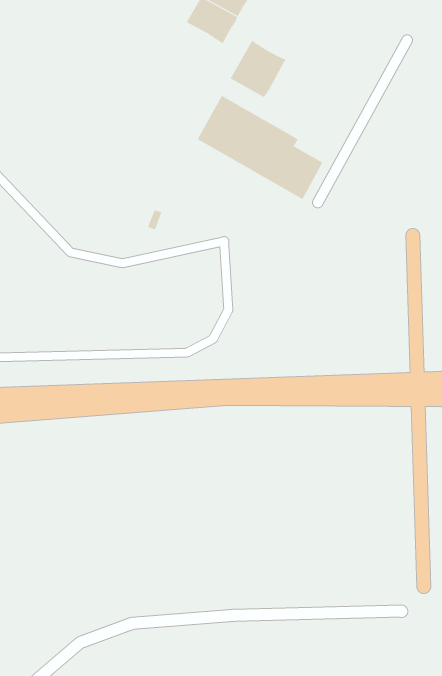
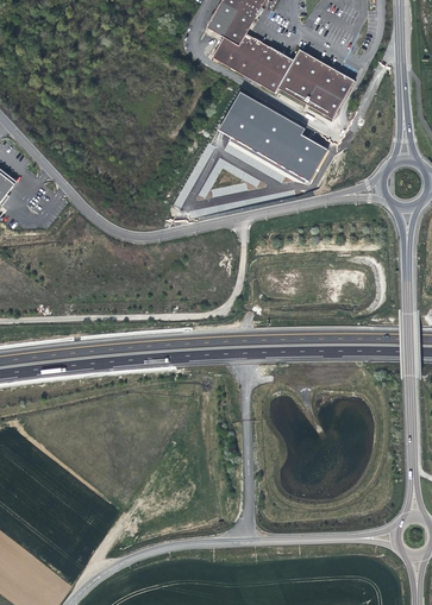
building: none -> [211,32,262,75]
building: none -> [276,48,352,118]

